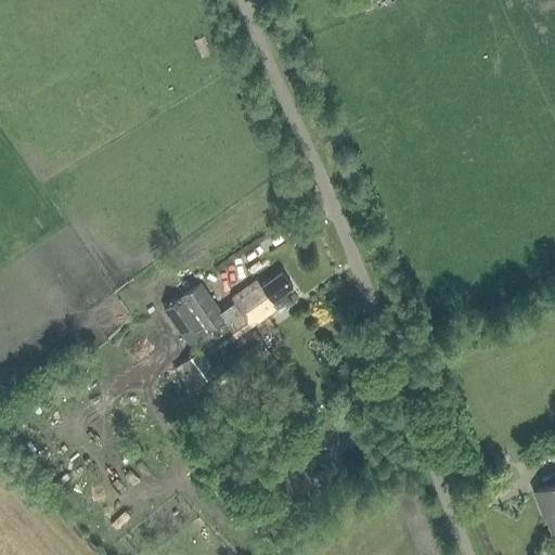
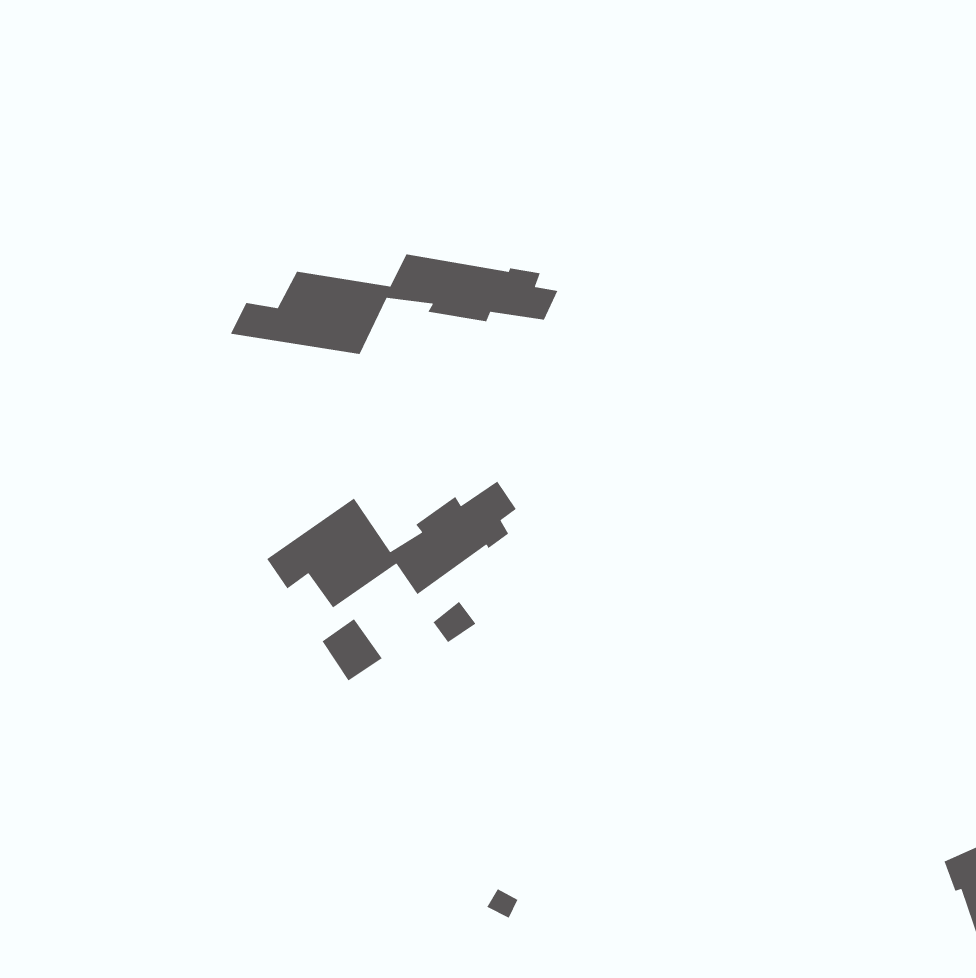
building: none -> [230,254,559,355]

